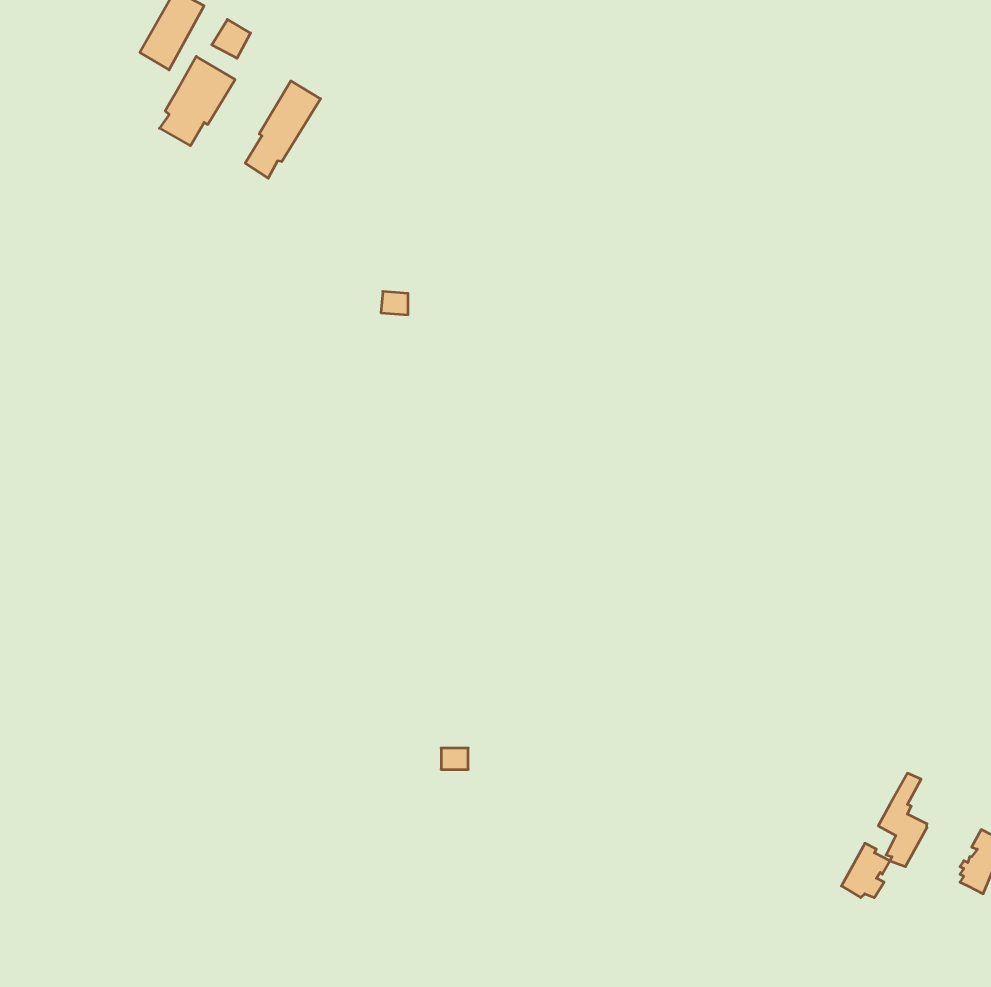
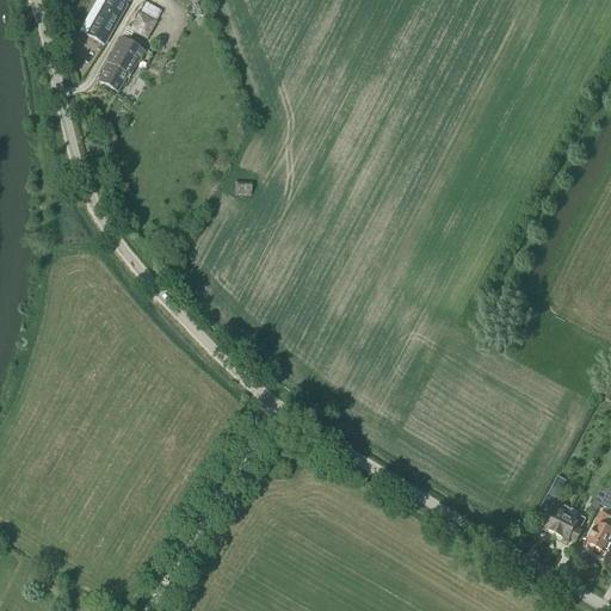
building: [245,81,321,178] -> none
building: [841,843,890,898] -> [557,506,587,539]

